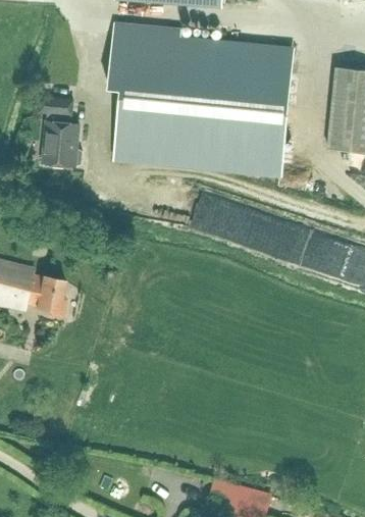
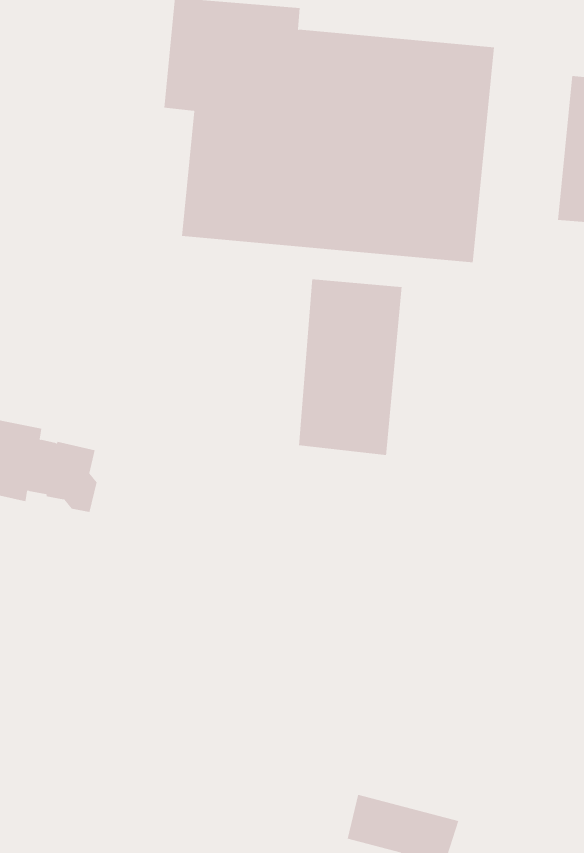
building: [40,98,80,166] -> none
building: none -> [298,278,402,456]

